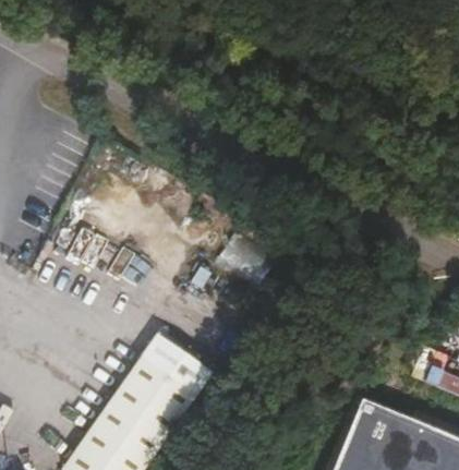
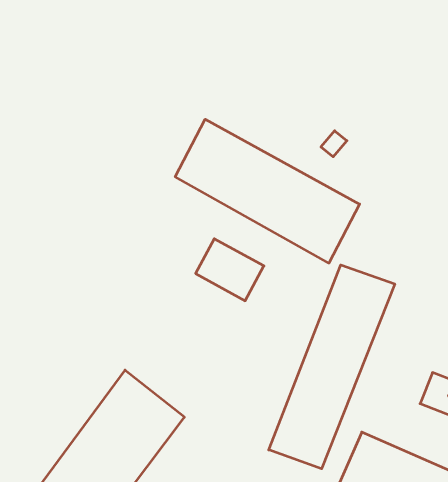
building: none -> [175,119,360,263]
building: none -> [269,265,395,469]

